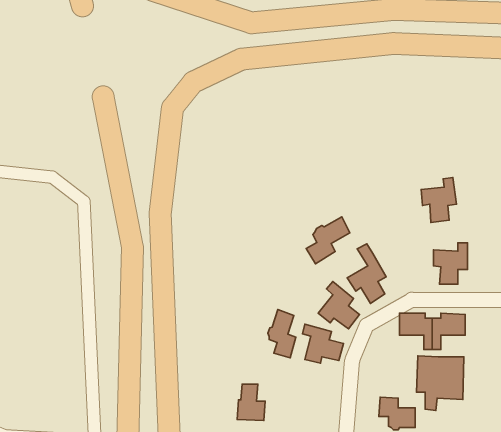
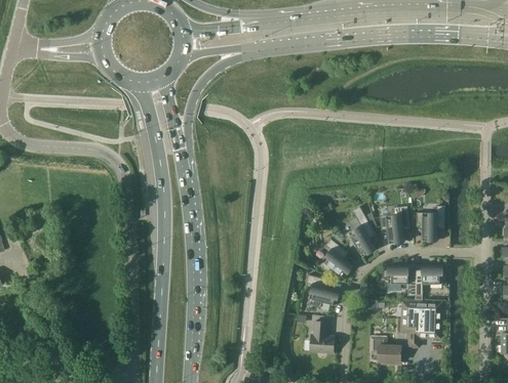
building: [421,177,456,222] -> [380,206,409,244]
building: [306,217,350,264] -> none
building: [268,309,296,358] -> none
building: [237,384,265,421] -> [310,322,334,352]

